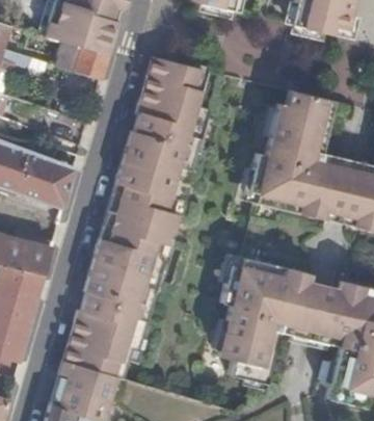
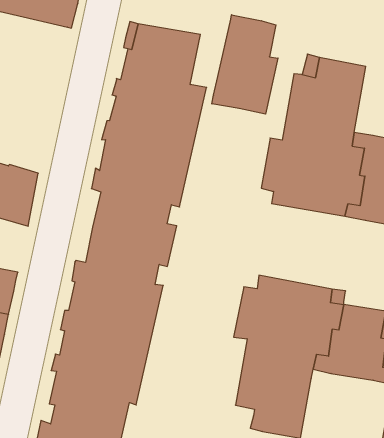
building: [55,42,107,79] -> none
building: none -> [212,15,278,114]

